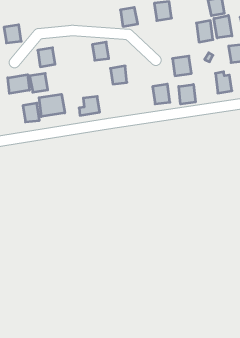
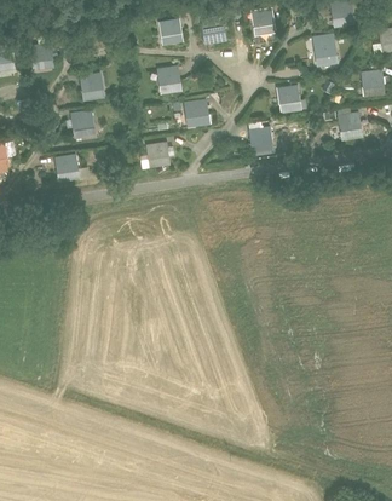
building: none -> [157,16,181,44]
building: [214,15,232,38] -> none
building: [8,75,29,93] -> none
building: [179,84,195,104] -> none
building: [39,94,65,117] -> none

